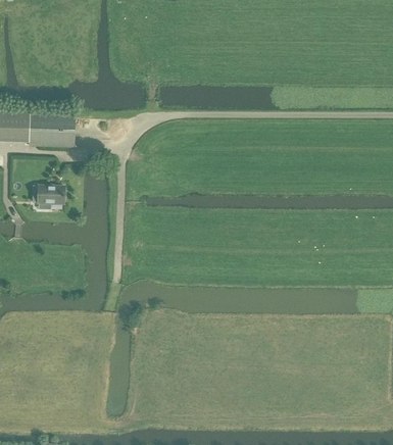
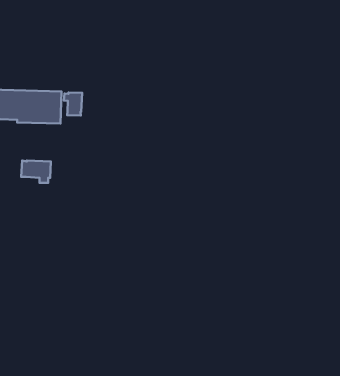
building: none -> [64,92,82,116]

